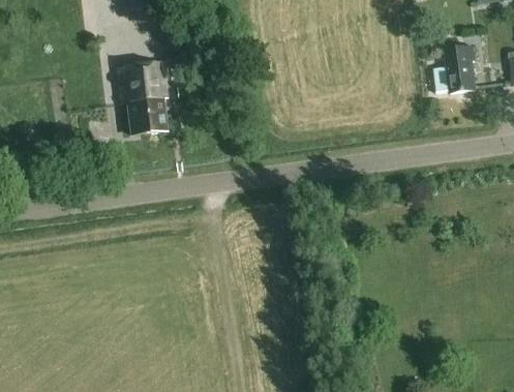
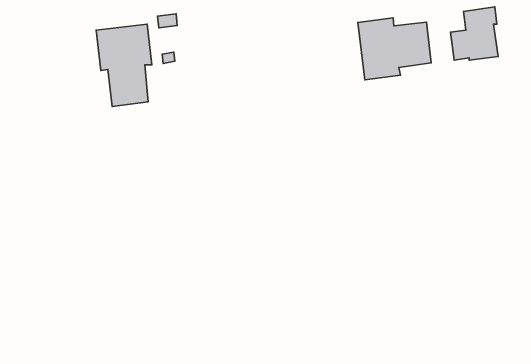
building: none -> [358,18,431,80]

